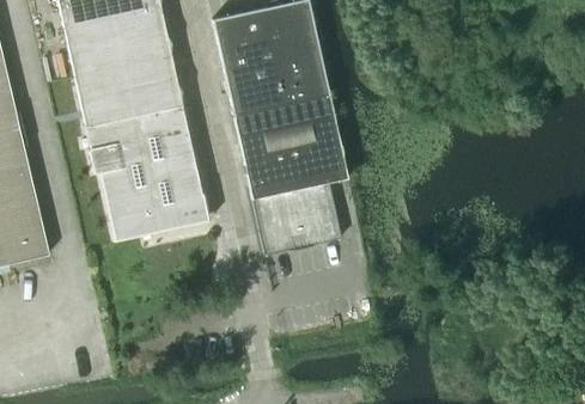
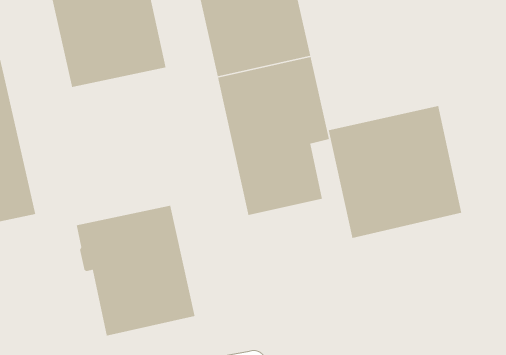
building: [85,105,207,239] -> [76,205,196,336]
building: none -> [328,105,462,239]

